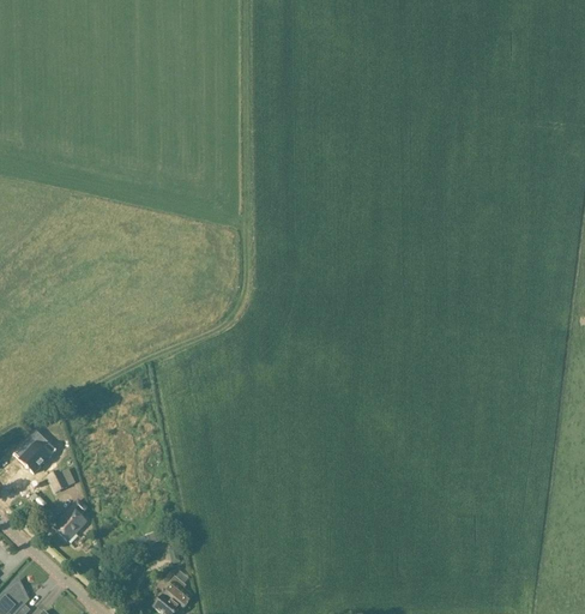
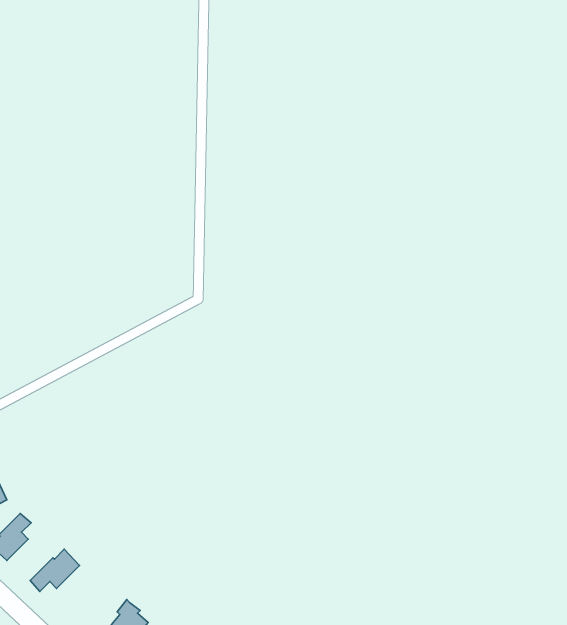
building: none -> [30,549,79,591]

